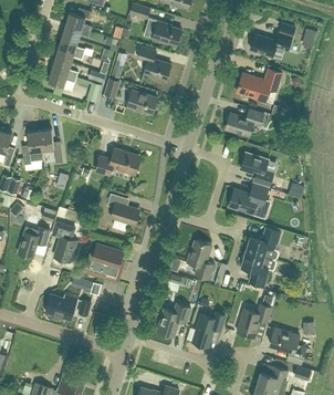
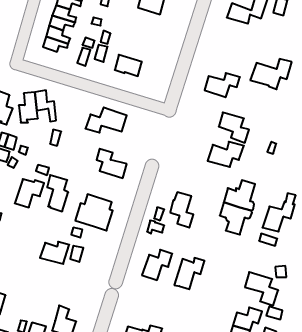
building: [136,45,170,80] -> none
building: [236,69,281,102] -> [250,59,292,89]
building: [236,294,272,336] -> [262,193,296,232]

